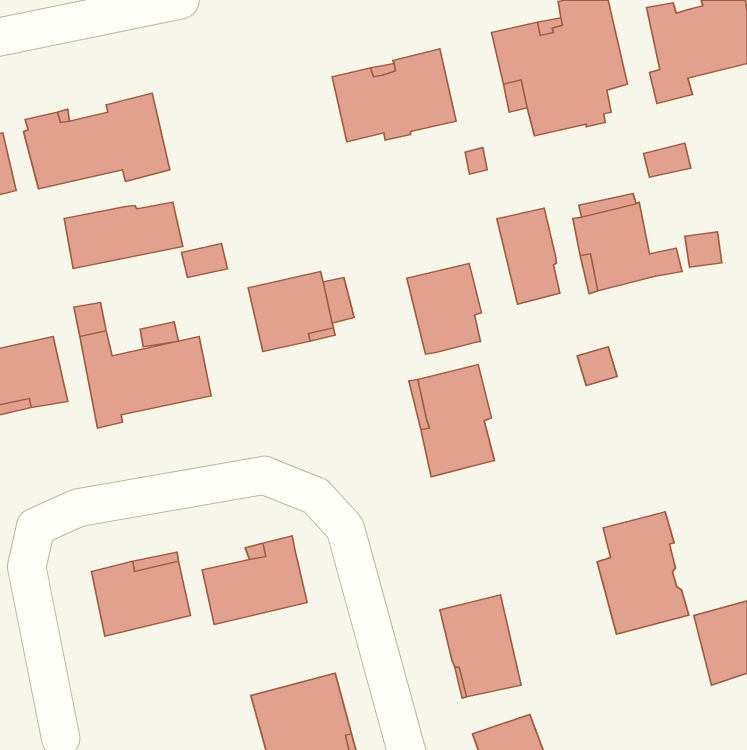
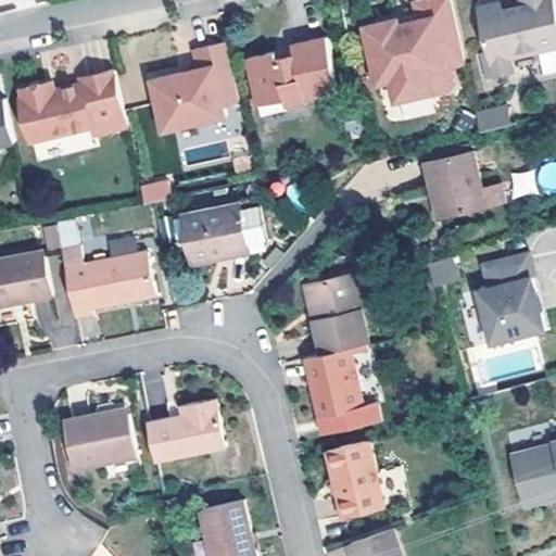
building: none -> [149,46,238,134]
building: [64,202,183,268] -> none
building: [497,208,560,304] -> none
building: [407,263,482,354] -> none
building: none -> [302,346,377,433]
building: [597,512,689,634] -> [476,255,543,345]

